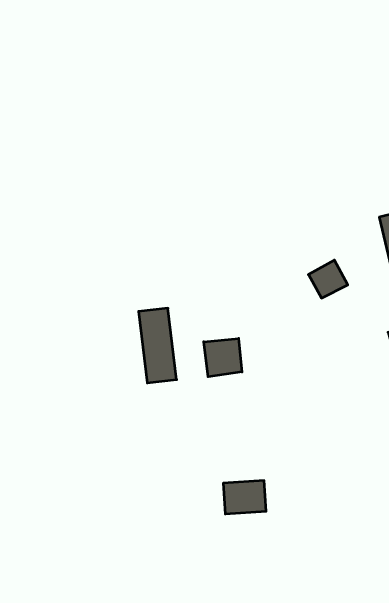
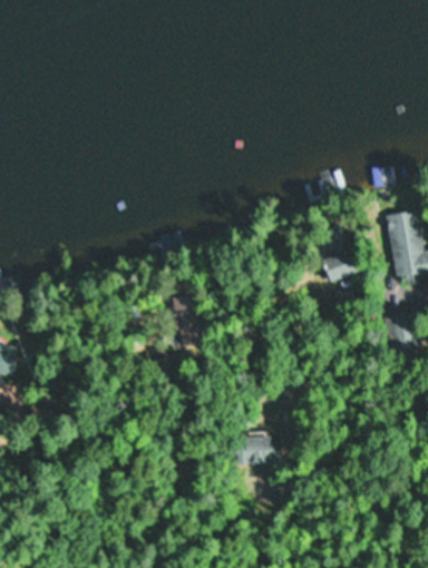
building: [204,338,242,377] -> none

